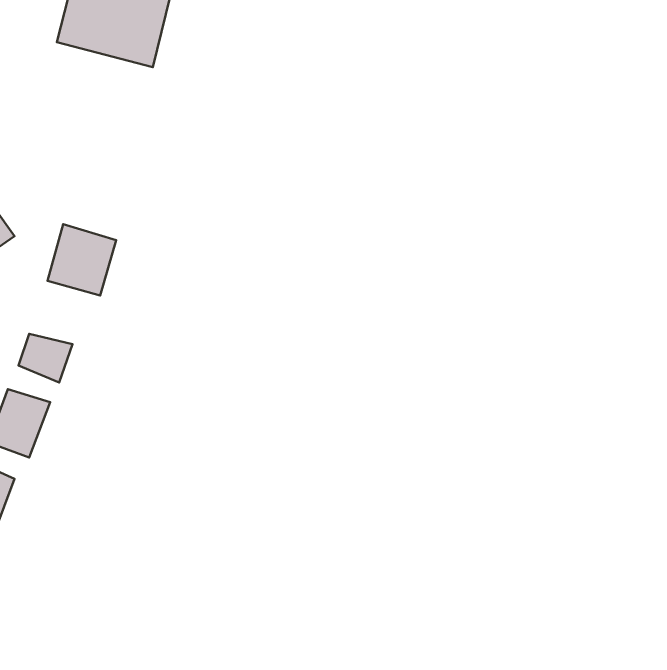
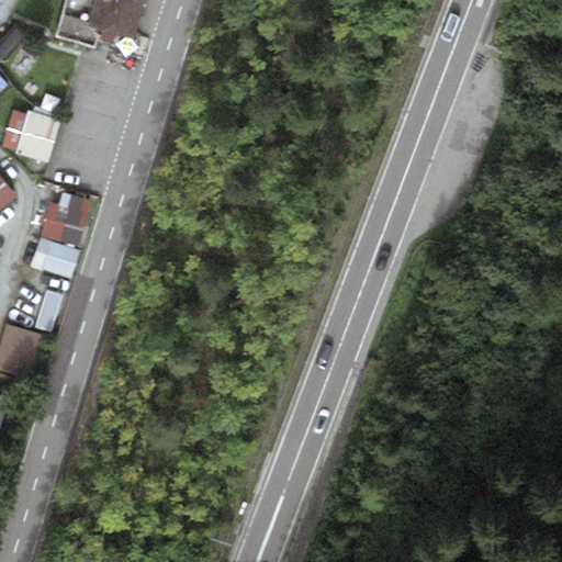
building: none -> [12,108,56,164]
building: none -> [31,234,83,278]

